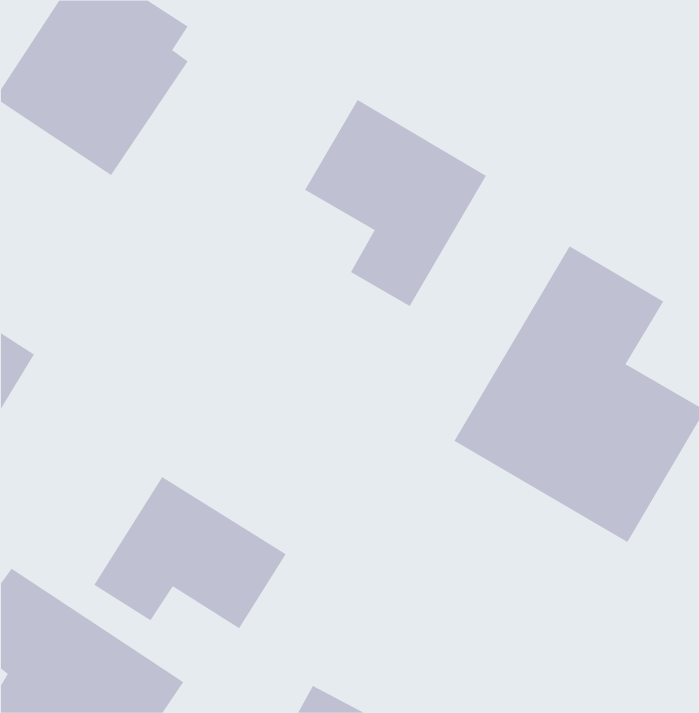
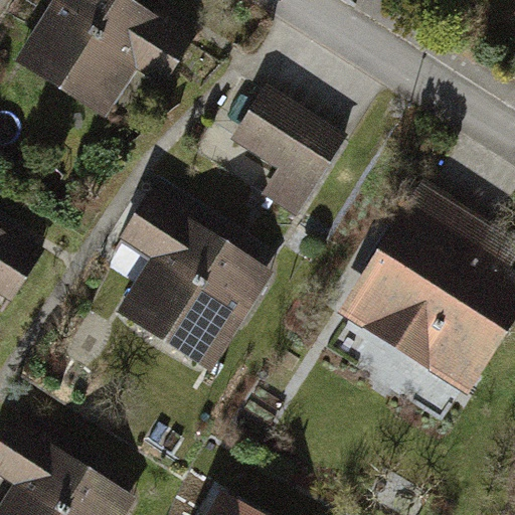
building: none -> [116,182,282,379]
building: [94,476,286,629] -> none

